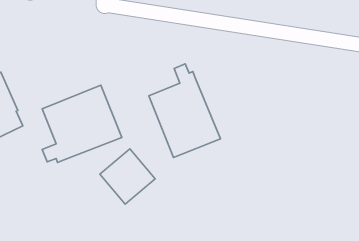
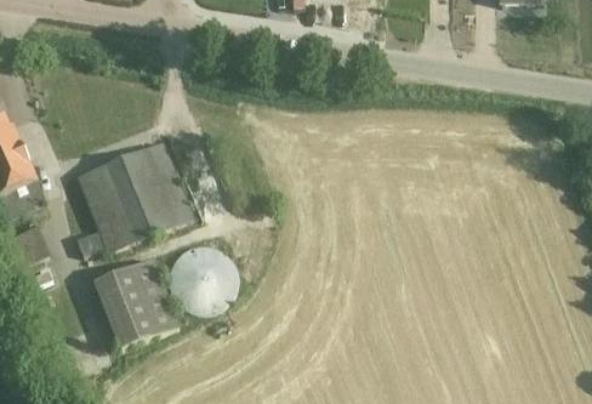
building: [149,64,220,158] -> none
building: none -> [91,257,178,349]

